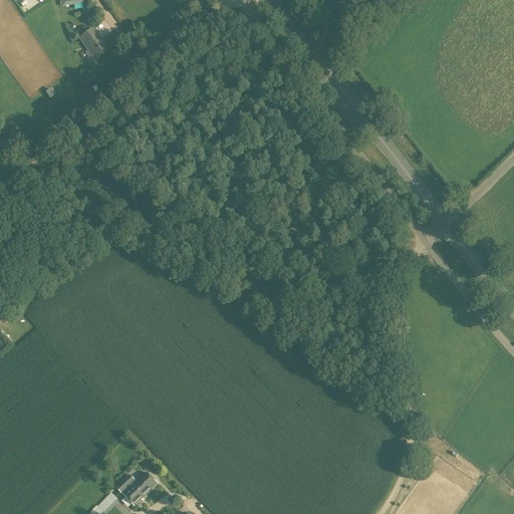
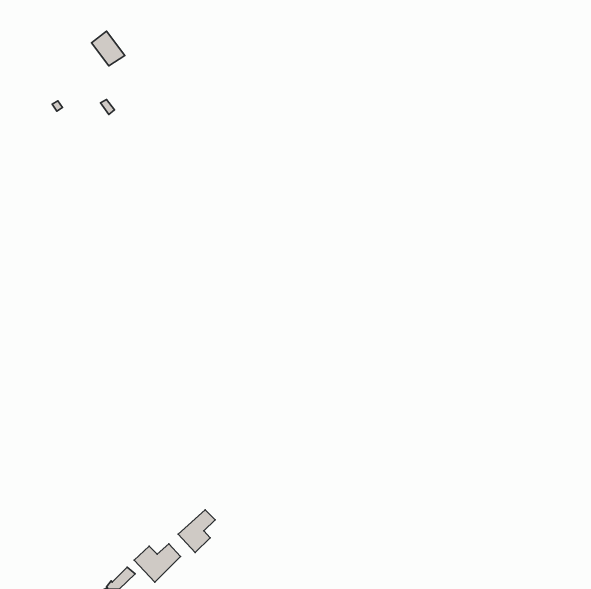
building: none -> [178,510,215,552]

